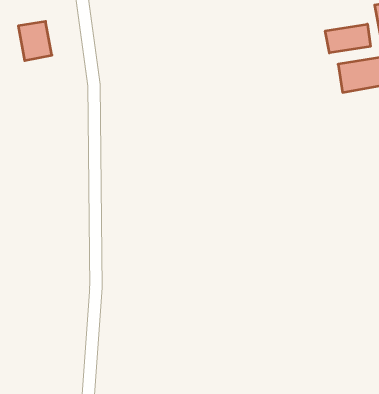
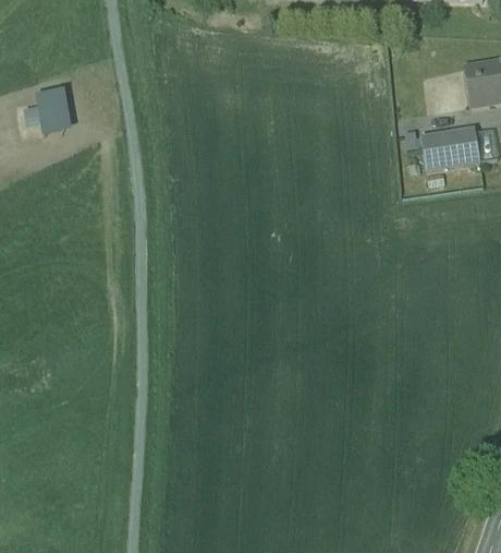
building: [325,24,370,53] -> none

